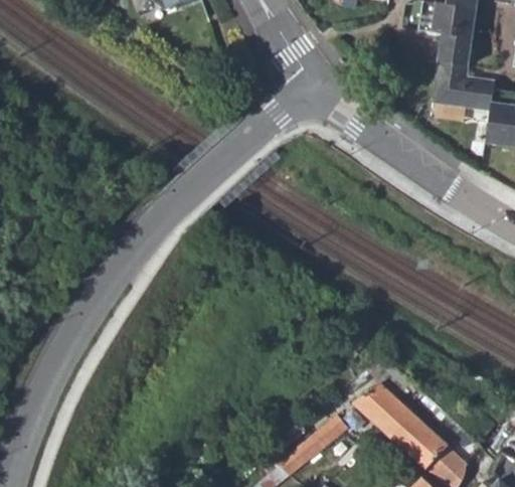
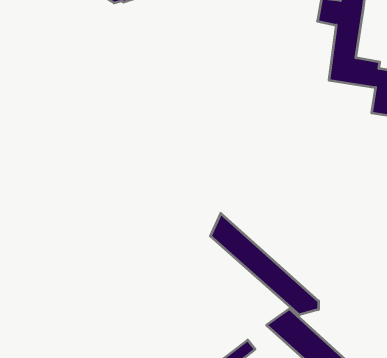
building: none -> [210,213,319,315]

